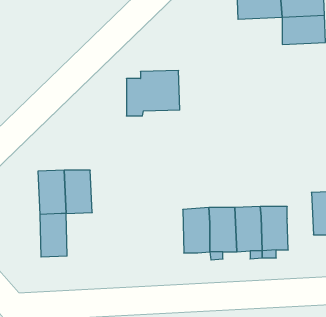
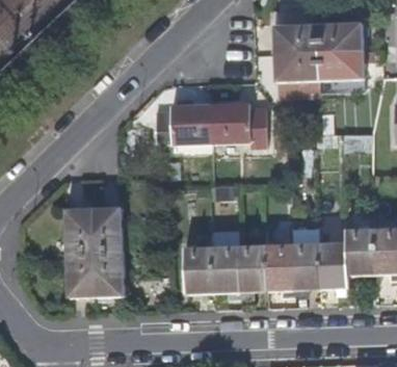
building: none -> [275,48,321,77]
building: none -> [214,102,268,148]
building: none -> [326,242,353,288]
building: none -> [191,246,219,292]
building: none -> [98,250,126,294]

